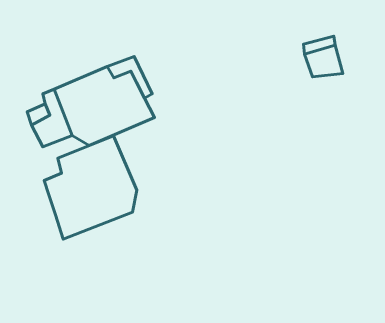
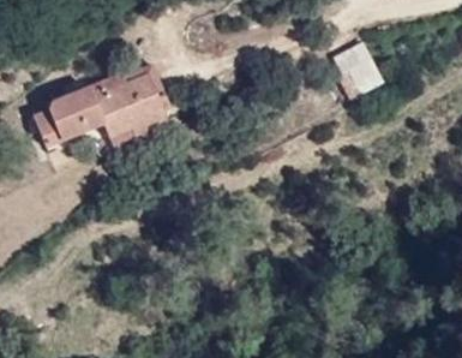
building: [44,136,137,239] -> none

